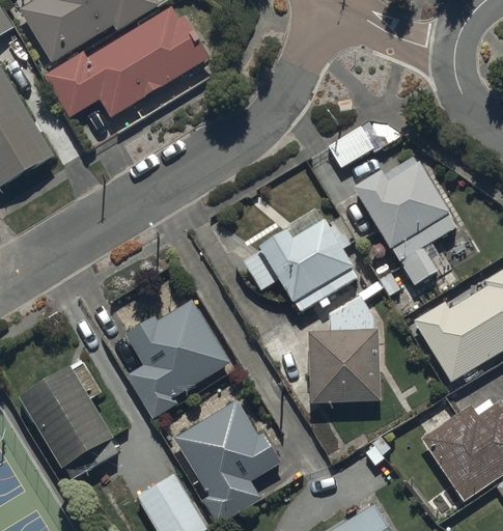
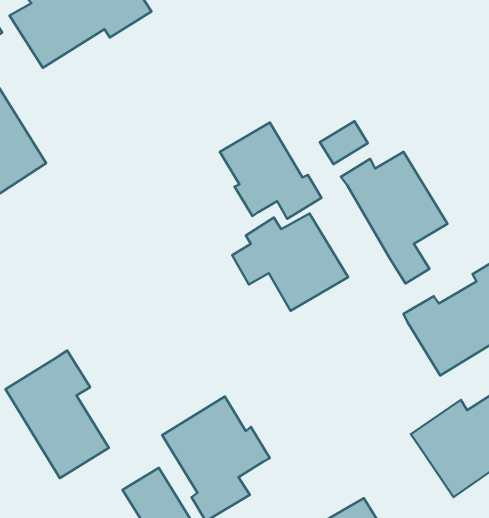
building: [49,19,214,130] -> none
building: none -> [220,122,321,219]
building: [308,295,380,399] -> none
building: [124,298,230,417] -> none

